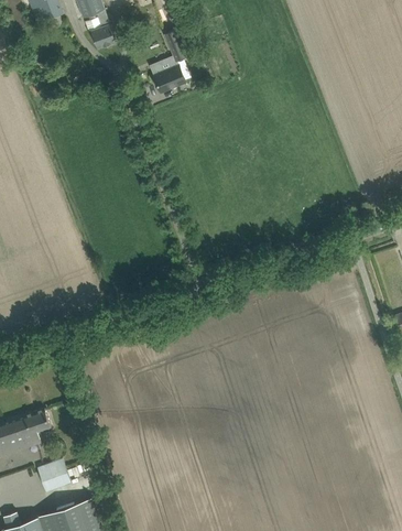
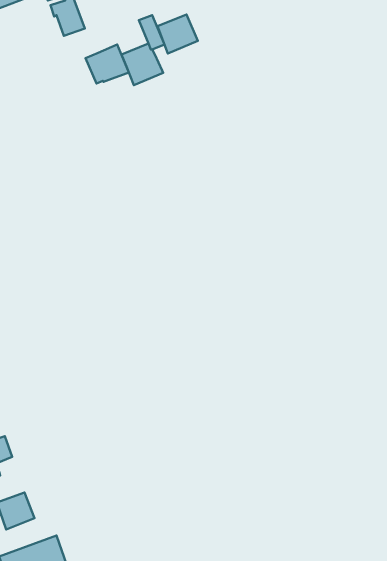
building: none -> [157,15,198,53]
building: none -> [86,45,129,84]

